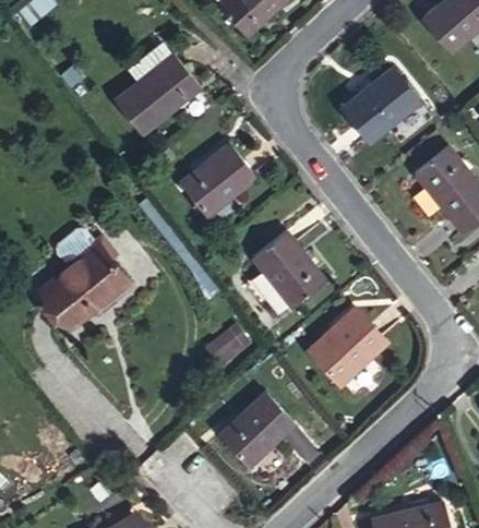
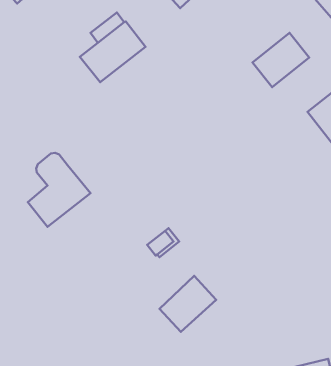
building: [181,143,258,216] -> none
building: [253,231,326,308] -> none
building: [310,308,386,383] -> none

